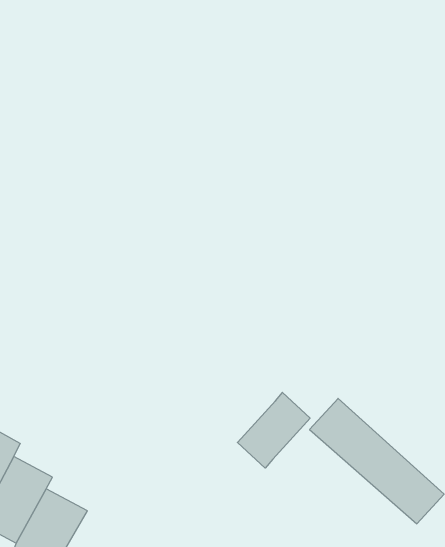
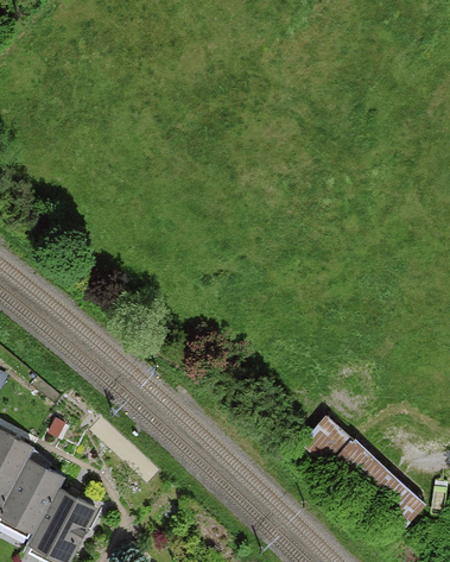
building: [237,392,310,468] -> none

